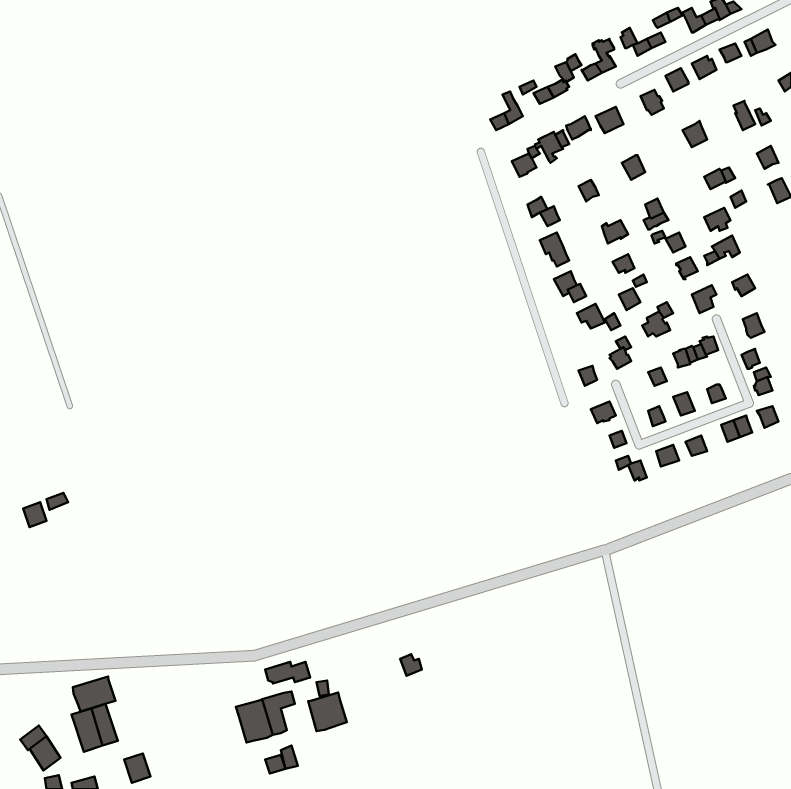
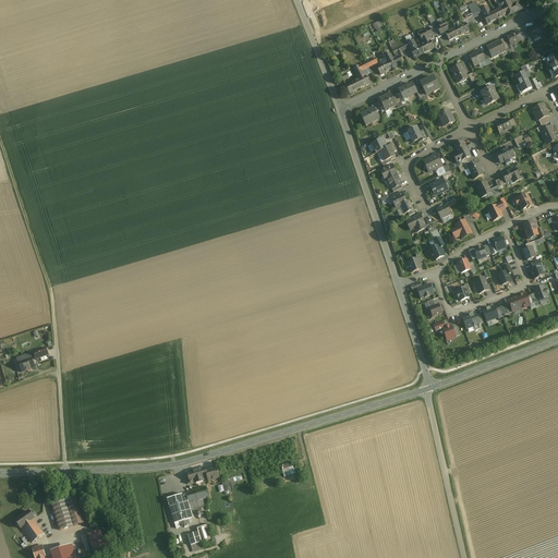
building: [73,677,116,712] -> none
building: [308,692,347,731] -> none

